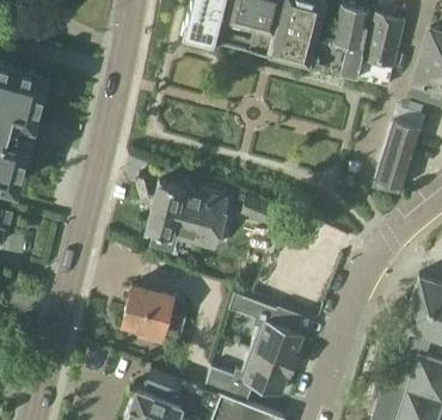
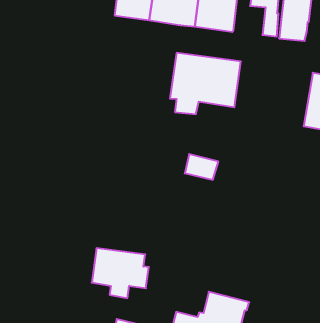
building: [147,182,229,251] -> [170,53,241,114]
building: [229,293,302,365] -> none

